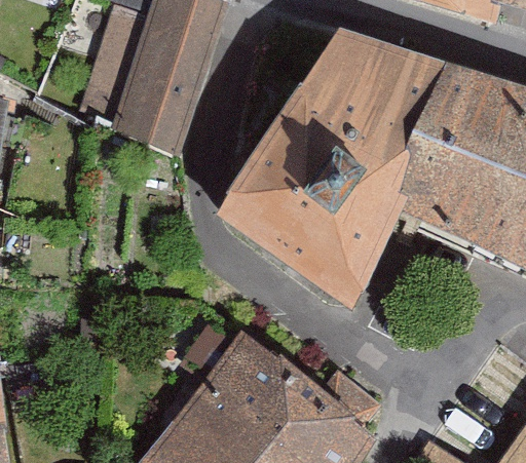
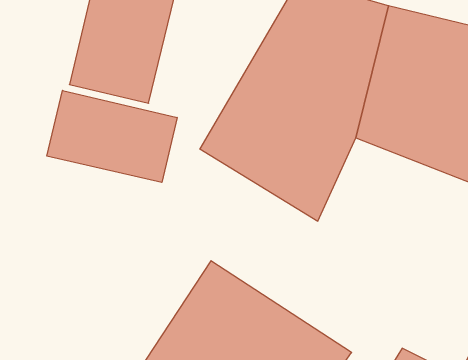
building: none -> [47,90,177,182]

